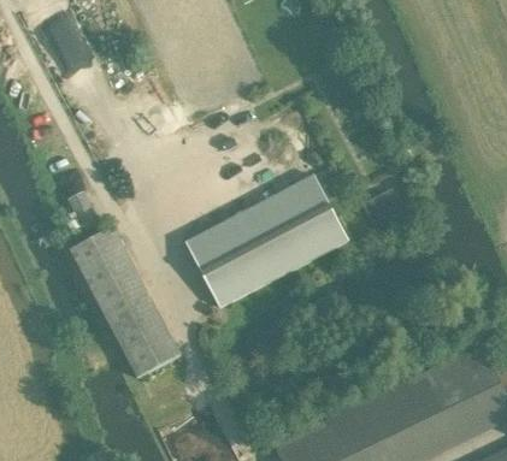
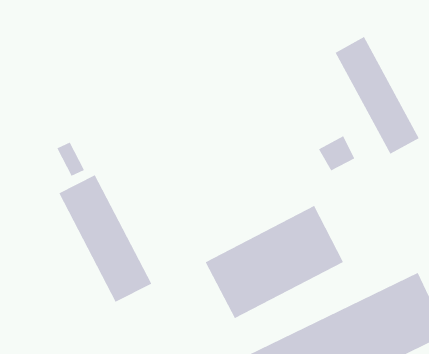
building: none -> [335,36,420,155]
building: [188,176,347,306] -> [205,205,344,319]

